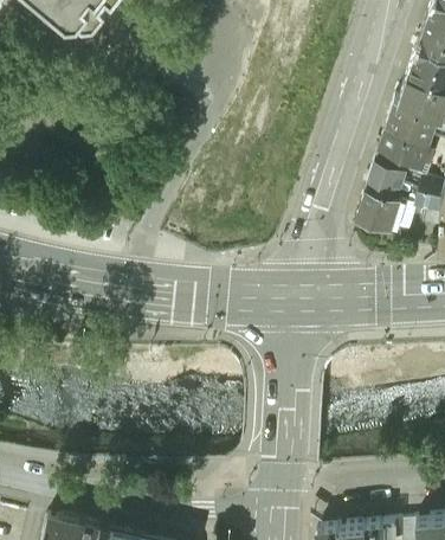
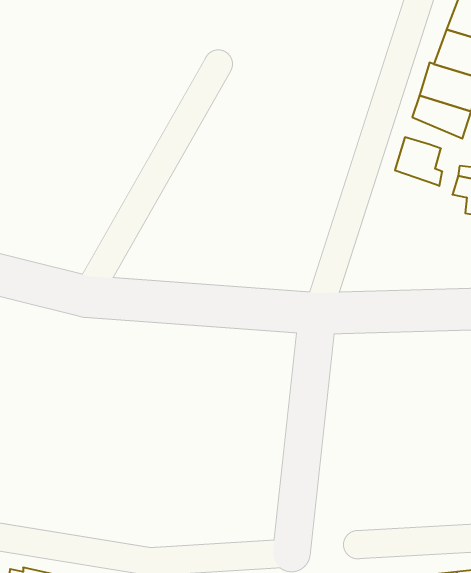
building: [356,191,401,234] -> none

